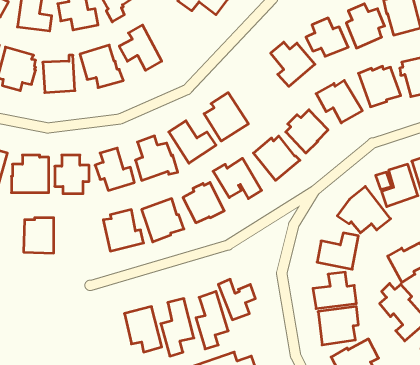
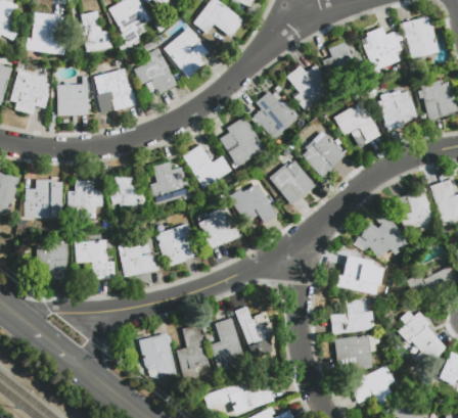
building: none -> [165,28,209,78]
building: none -> [254,91,300,137]
building: none -> [75,240,116,279]

